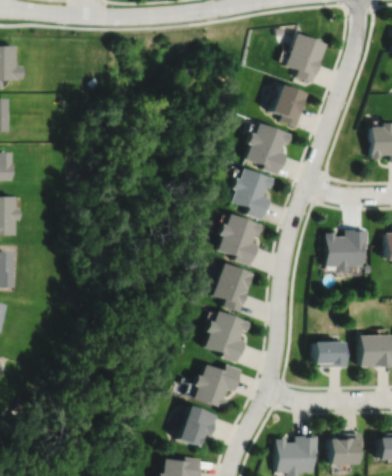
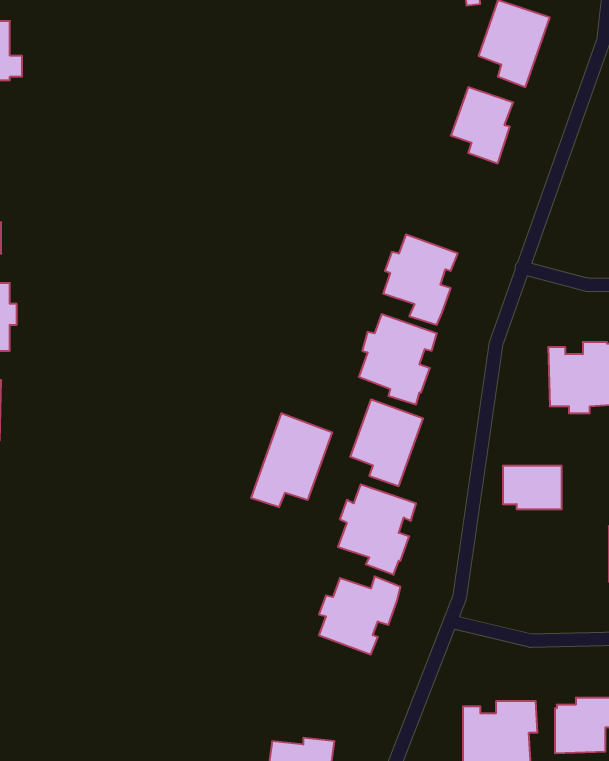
building: [245,123,290,175] -> none
building: none -> [251,413,332,507]
building: [313,343,347,368] -> [503,466,562,509]
building: [179,407,217,448] -> none

